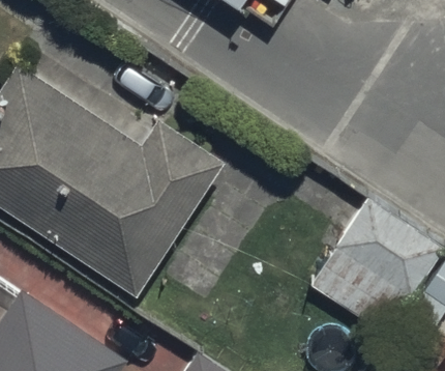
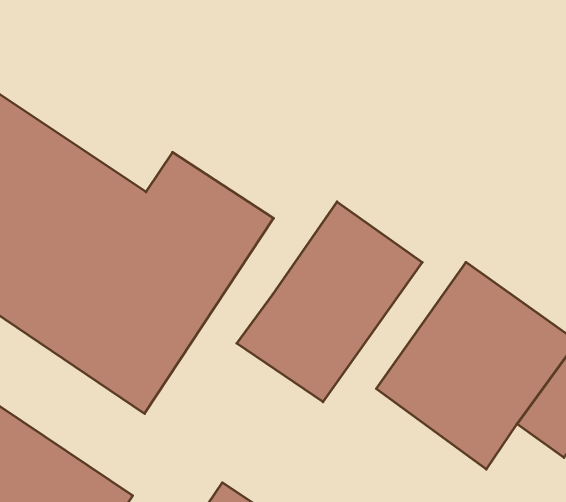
building: none -> [237,202,422,402]

